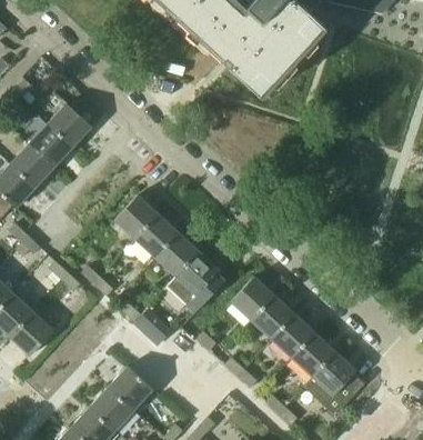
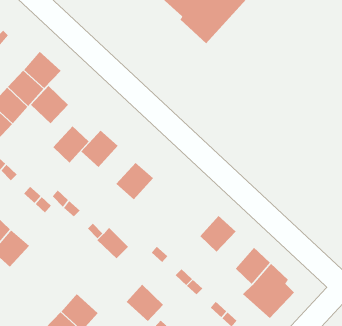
building: none -> [30,85,69,124]
building: [134,213,178,258] -> [52,125,90,163]
building: [167,251,223,306] -> none
building: [231,276,274,319] -> none
building: [272,313,315,357] -> none
building: [109,364,153,409] -> [126,284,164,322]

